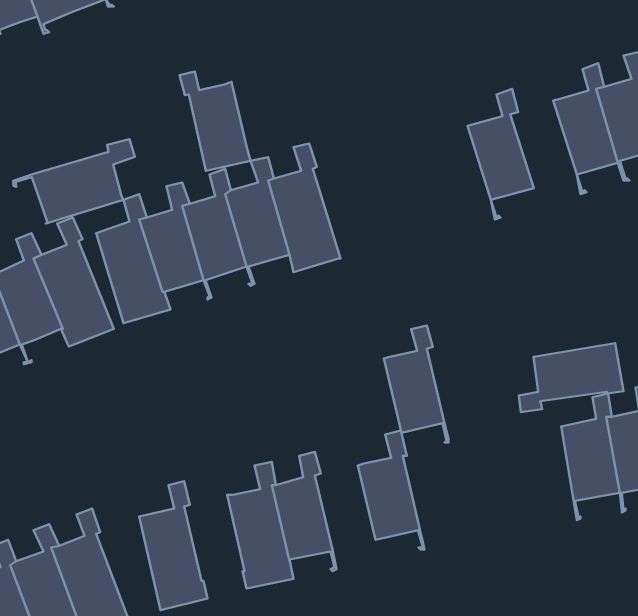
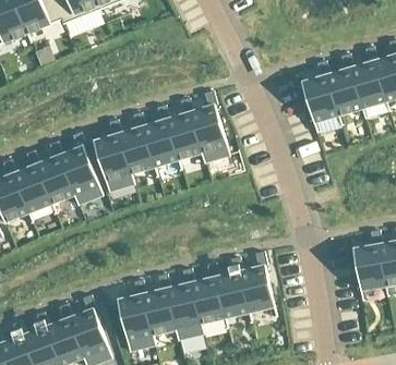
building: [179,72,250,171] -> none
building: none -> [324,54,361,126]
building: [13,139,135,224] -> none
building: [384,325,448,443] -> [215,258,251,324]
building: [519,343,624,412] -> none
building: none -> [142,275,176,336]

